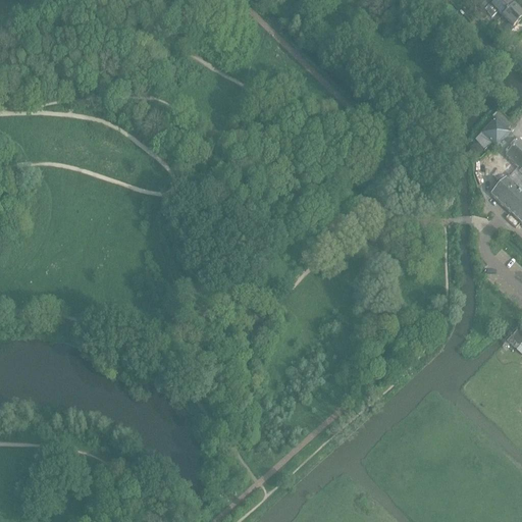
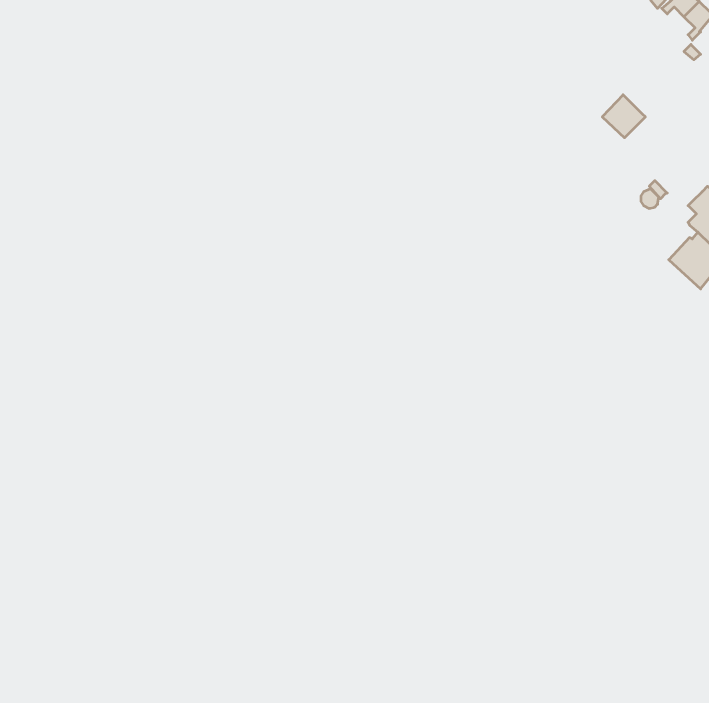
building: [481,112,513,144] -> [602,95,645,138]

